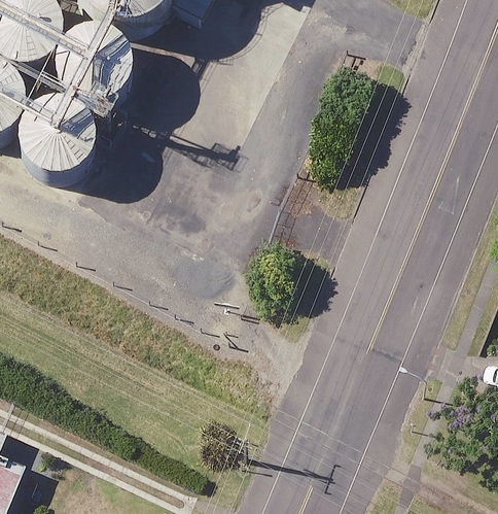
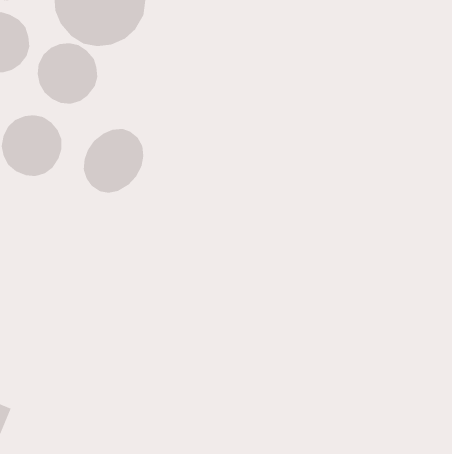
building: none -> [83,128,144,194]

